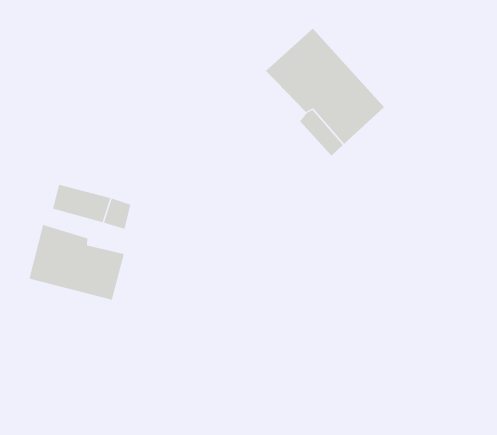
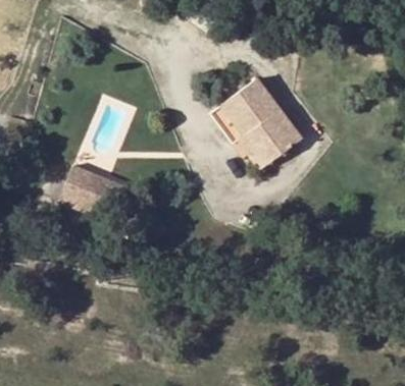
building: [29,224,125,301] -> none

